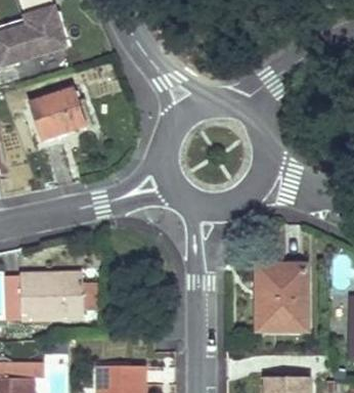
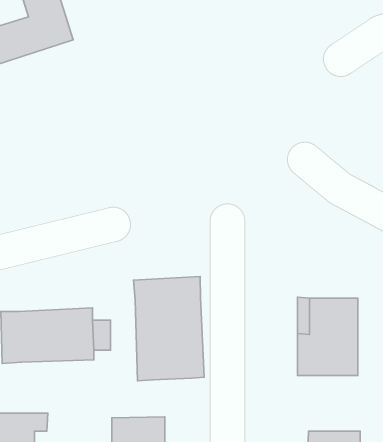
building: [29,87,87,141] -> none
building: none -> [133,277,204,381]

